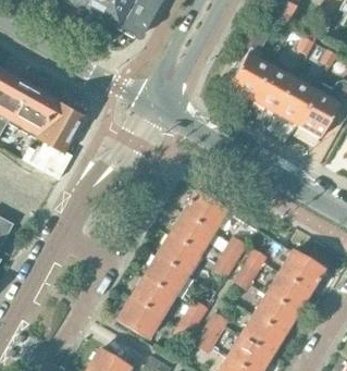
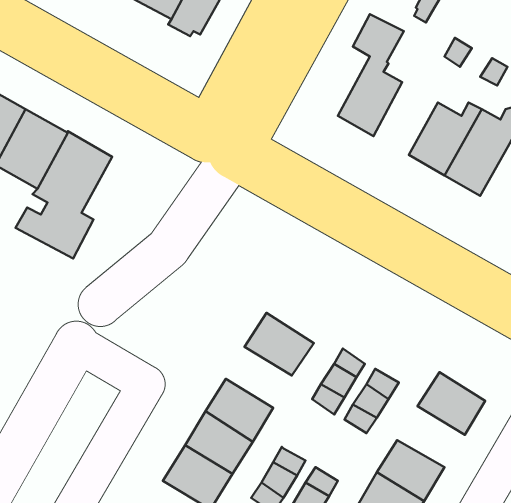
building: [251,66,293,113] -> none
building: [183,193,226,234] -> none
building: [157,236,199,275] -> none
building: [267,274,310,313] -> none

